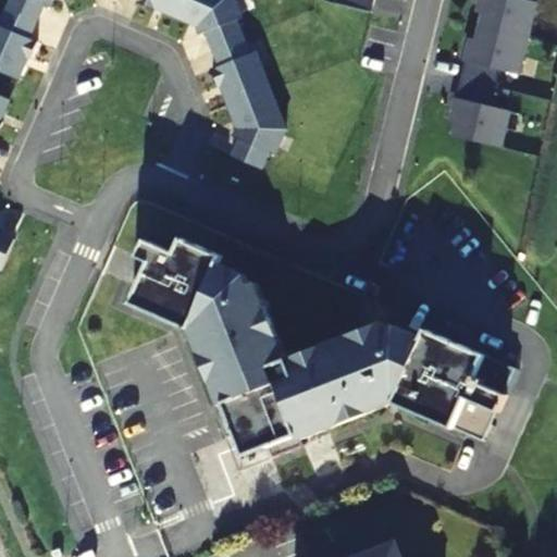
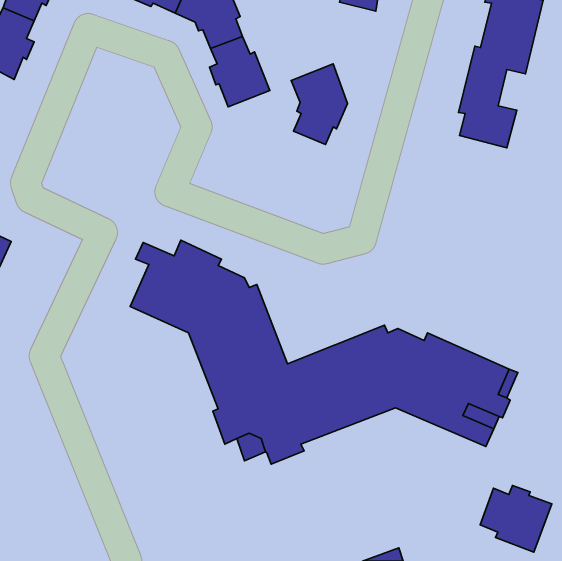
building: [225,89,281,169] -> [291,64,348,144]
building: none -> [480,486,552,552]

